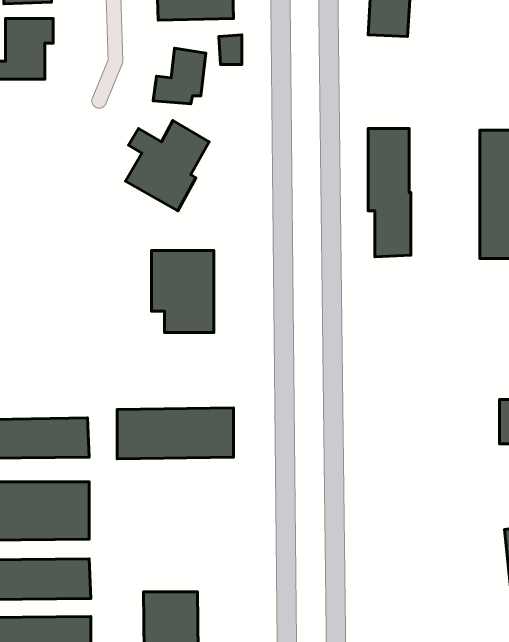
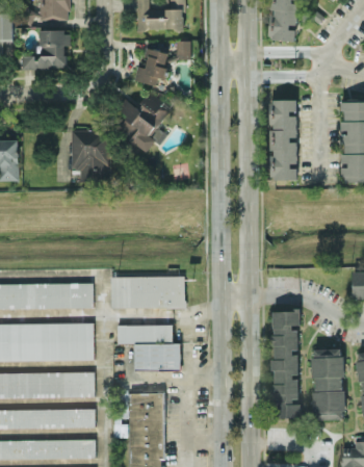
building: [151,250,214,333] -> [71,130,110,182]
building: none -> [272,311,301,419]
building: none -> [118,326,180,370]
building: none -> [312,348,344,420]

